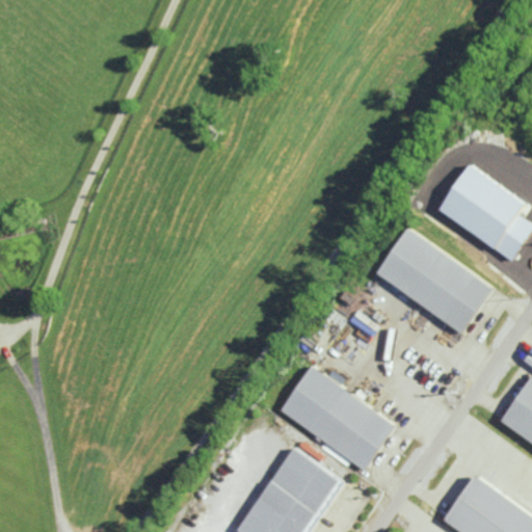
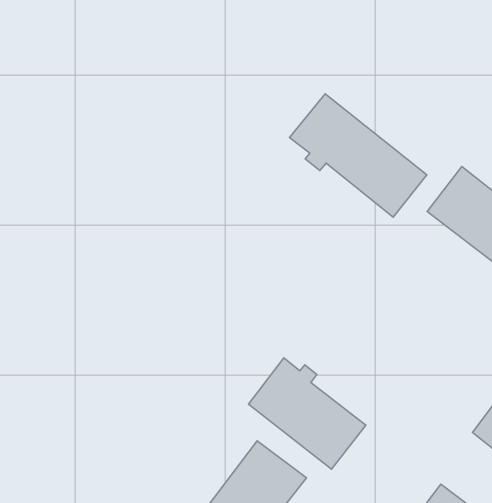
building: none -> [290,94,427,217]
building: [376,230,493,332] -> none

